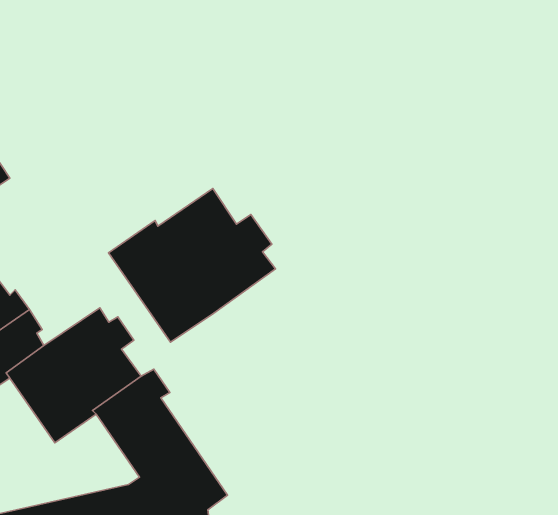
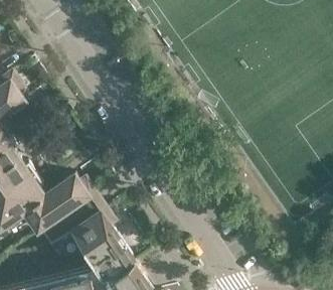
building: [108,189,276,342] -> none

